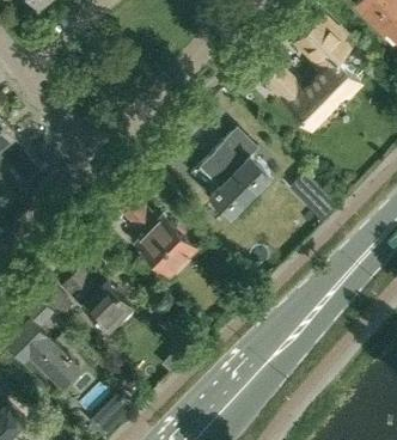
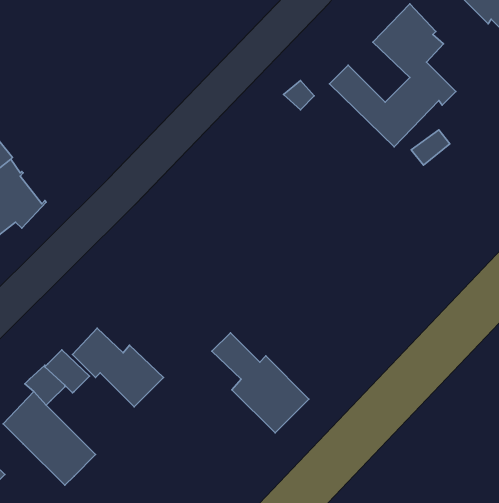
building: [191,134,270,215] -> none
building: [121,198,196,276] -> [212,333,309,433]

